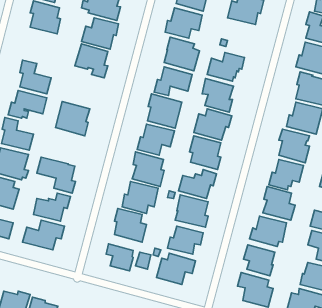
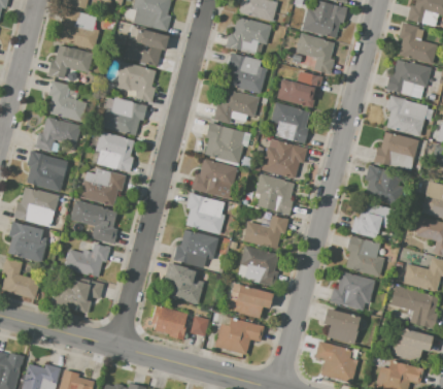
building: none -> [296,33,334,74]
building: none -> [46,44,93,79]
building: none -> [102,97,146,136]
building: none -> [79,168,126,205]

